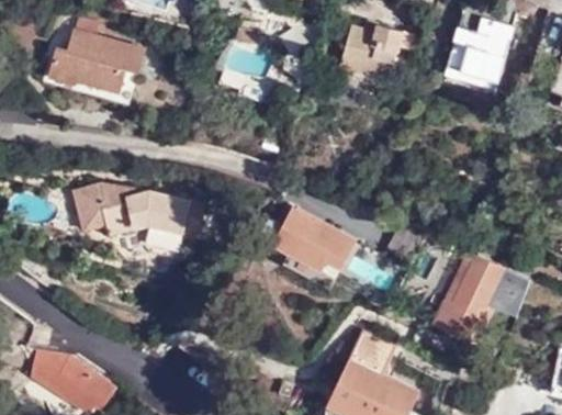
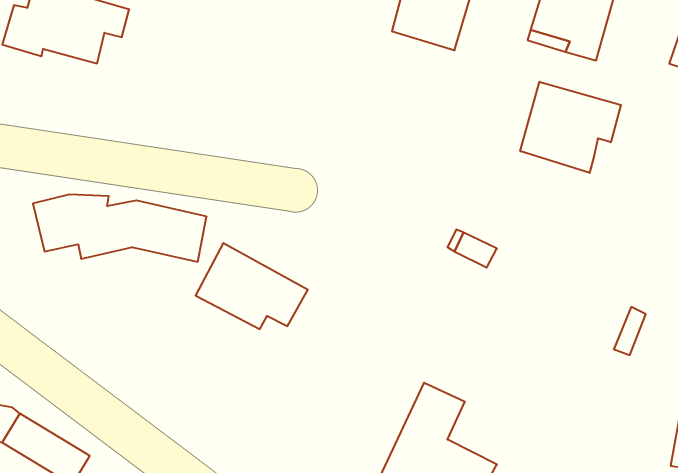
building: none -> [520,82,621,173]
building: [272,205,357,270] -> [196,243,308,329]
building: [441,255,506,340] -> none

